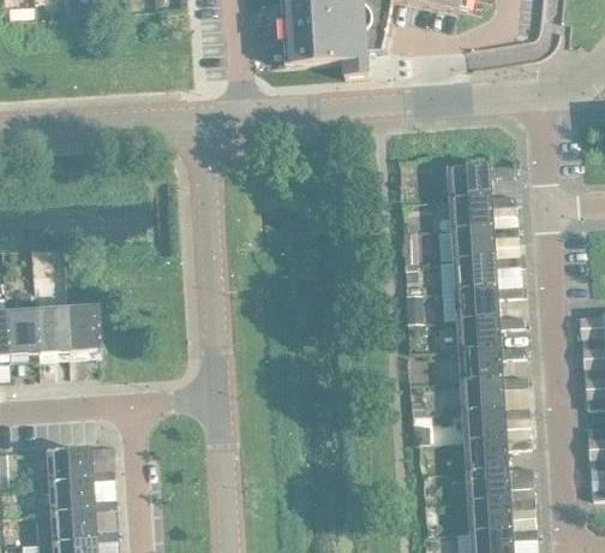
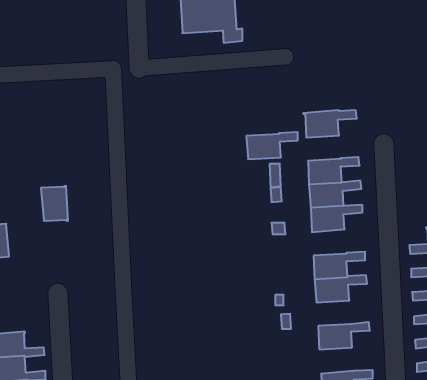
building: [448,192,514,227] -> [246,132,298,159]
building: [64,305,98,350] -> [41,186,68,221]
building: [455,314,522,349] -> none
building: [461,404,527,439] -> none
building: [465,464,532,500] -> none

